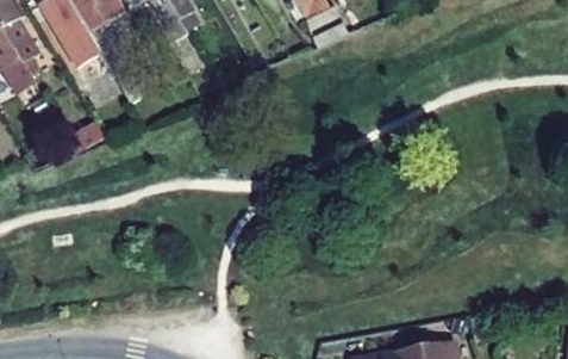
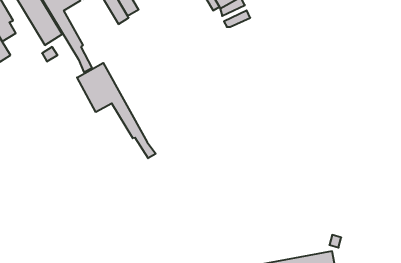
building: none -> [77,63,156,158]

